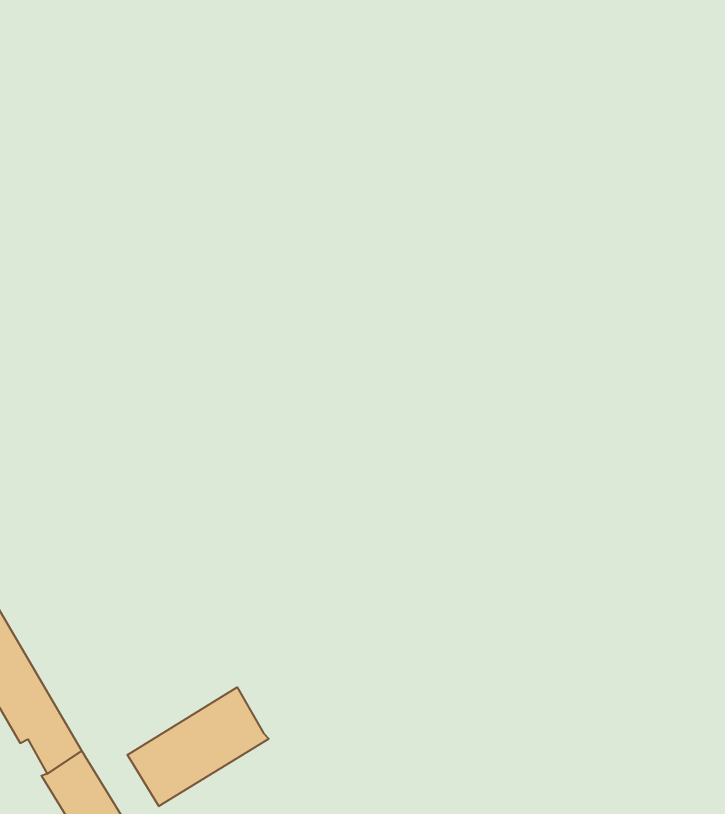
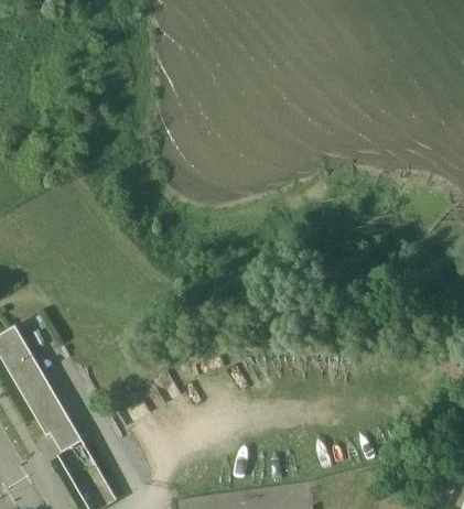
building: [127,687,269,806] -> none

